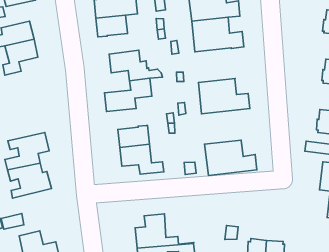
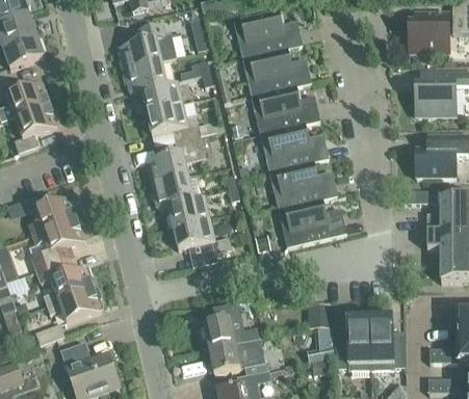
building: none -> [139,78,181,110]
building: none -> [251,84,319,132]
building: none -> [150,171,202,206]
building: none -> [24,189,76,233]
building: none -> [268,160,337,208]
building: none -> [46,286,101,321]

